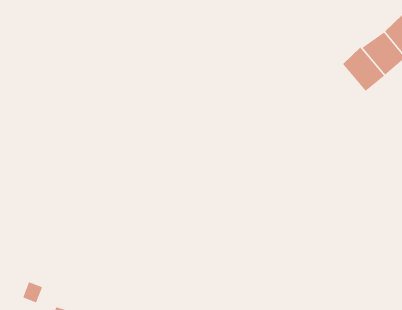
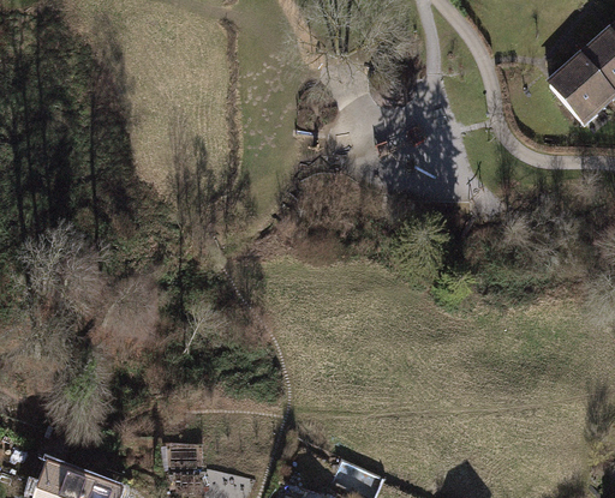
building: [342,46,385,92] -> none

